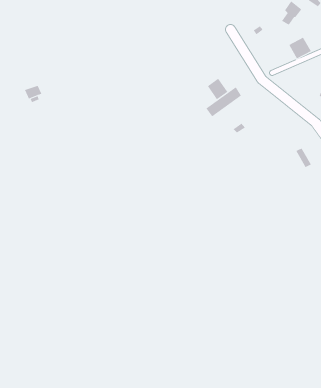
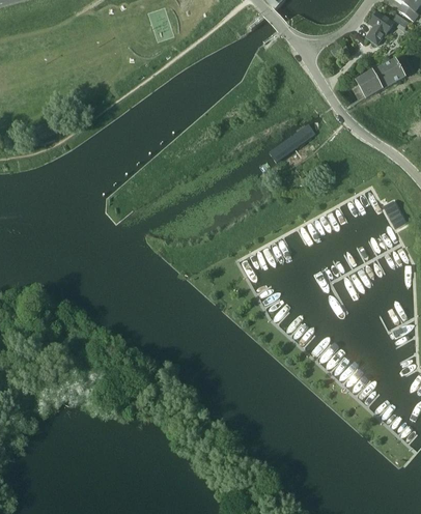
building: none -> [356,68,386,97]
building: [207,78,228,100] -> none

